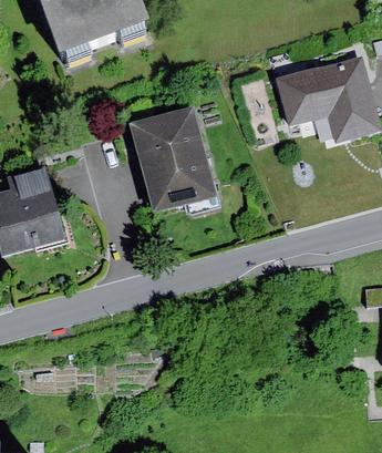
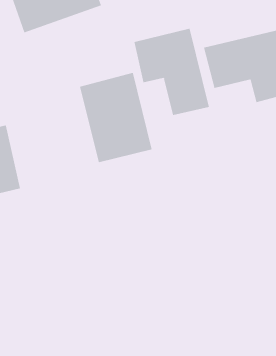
building: none -> [134,28,210,116]

